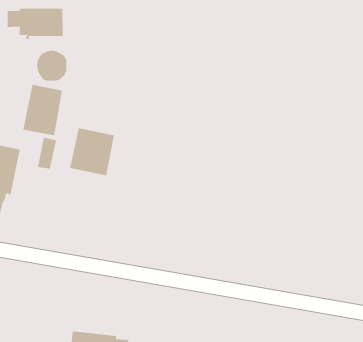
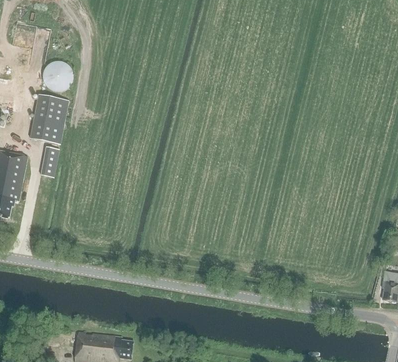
building: [7,8,63,40] -> none
building: [69,128,115,176] -> none

